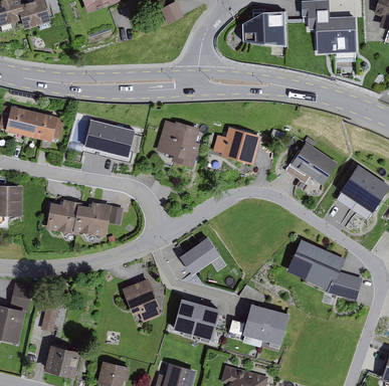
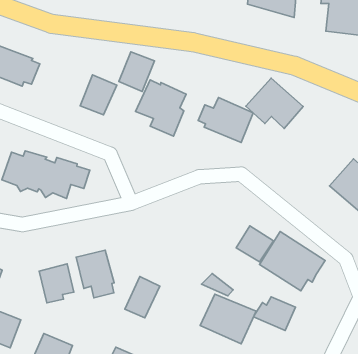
building: [83,119,113,153] -> [119,52,154,92]
building: [285,143,337,186] -> [246,78,303,128]
building: [179,237,226,274] -> none
building: none -> [236,226,273,262]
building: [326,272,362,301] -> [254,297,295,331]
building: none -> [39,264,74,303]
building: [191,304,220,340] -> none

